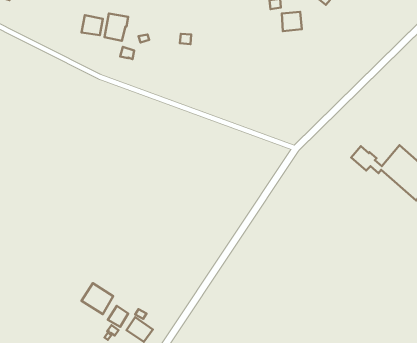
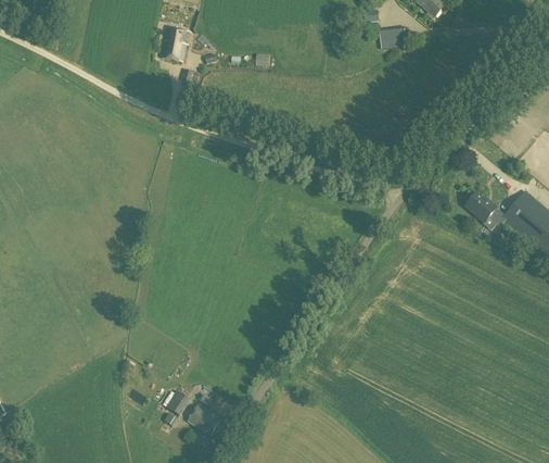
building: [82,15,103,35] -> none
building: [81,283,113,314] -> none

